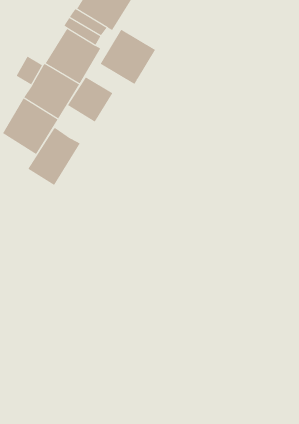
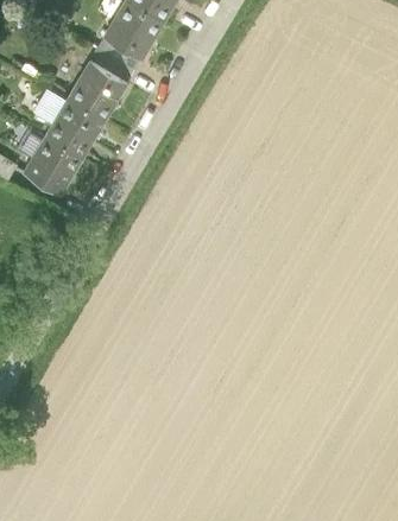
building: [100,29,156,85] -> none
building: [67,77,113,123] -> none
building: [27,127,81,186] -> none

